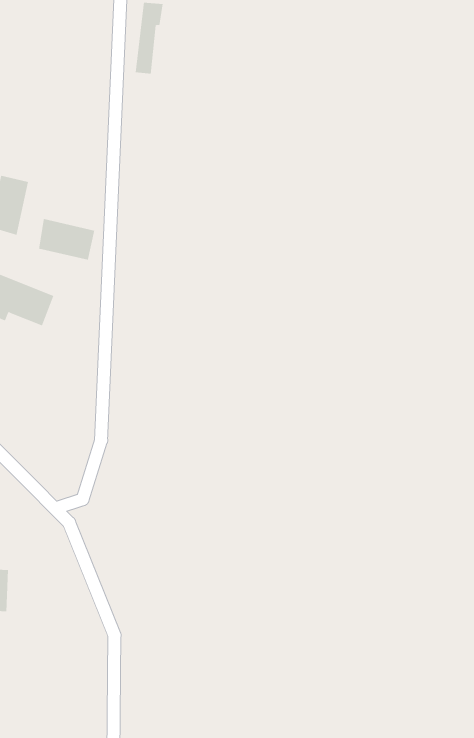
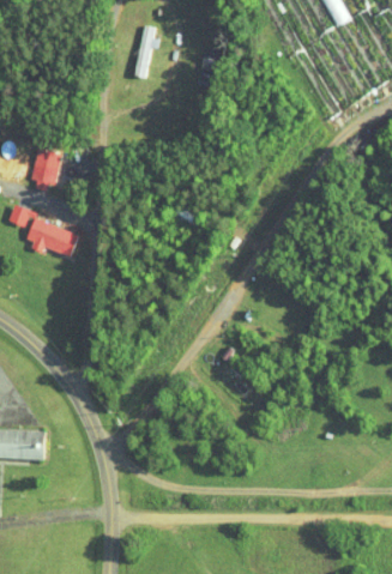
building: [38,218,95,261] -> none

